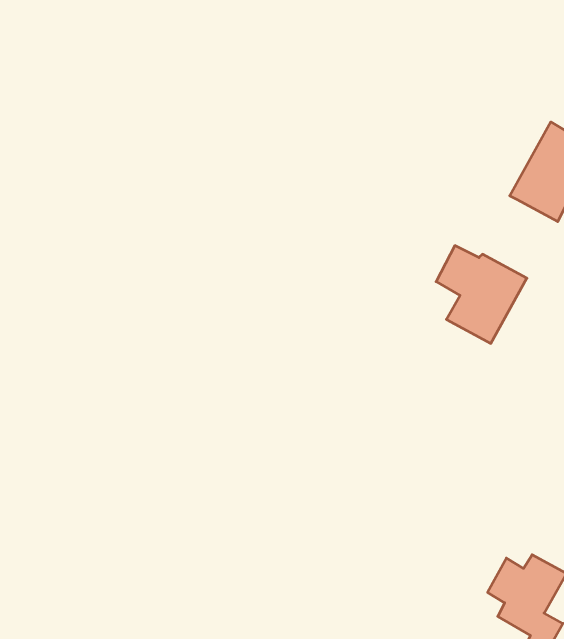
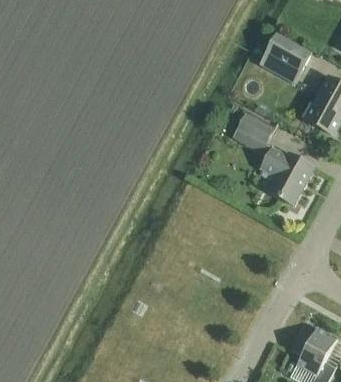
building: none -> [262,35,309,82]
building: none -> [238,114,274,144]

